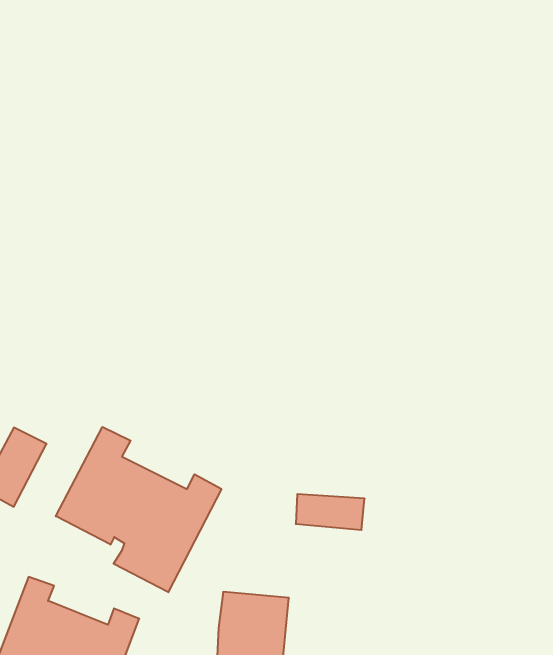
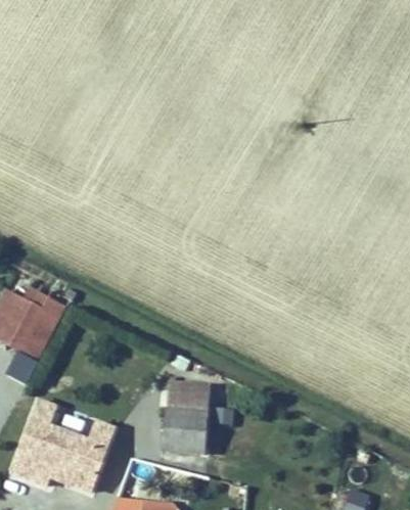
building: [56,427,221,592] -> none
building: [296,494,365,530] -> [169,392,216,417]

